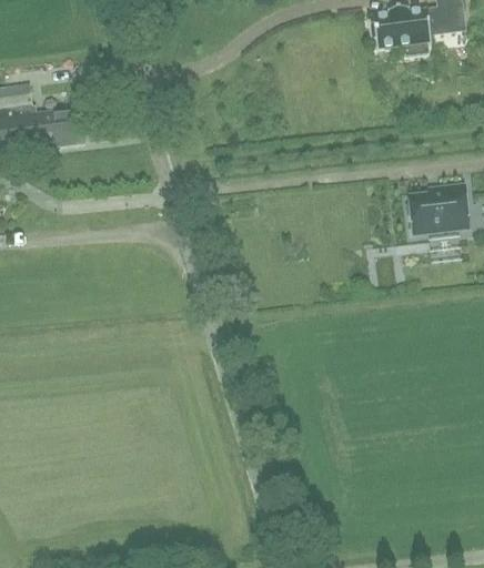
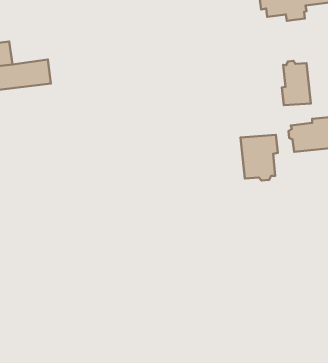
building: none -> [282,61,311,105]
building: none -> [240,135,278,180]

